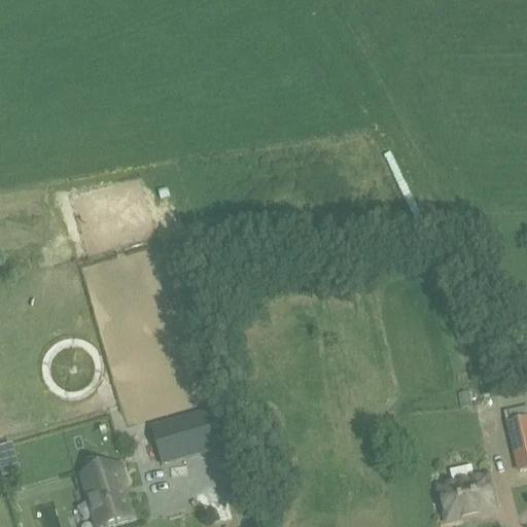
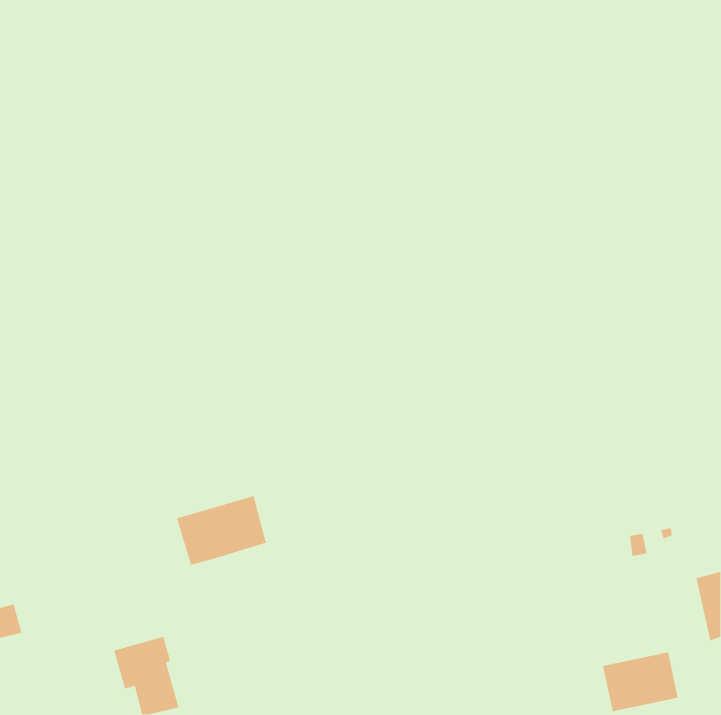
building: [151,407,217,458] -> [176,495,267,566]

